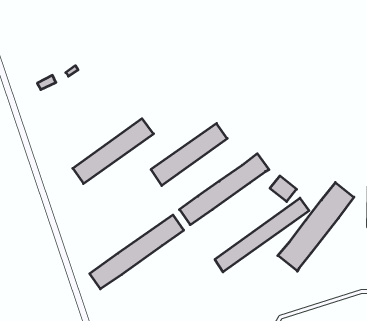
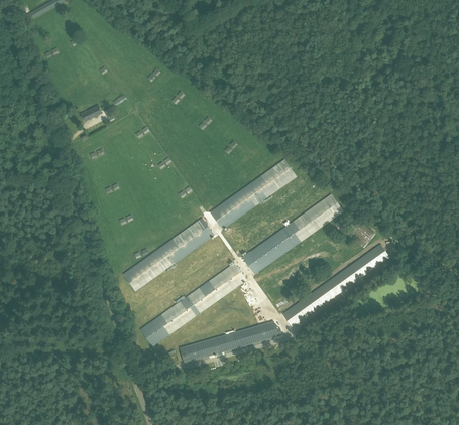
building: [73,119,154,184] -> [123,217,215,290]
building: [278,182,354,271] -> none
building: none -> [181,322,282,363]

